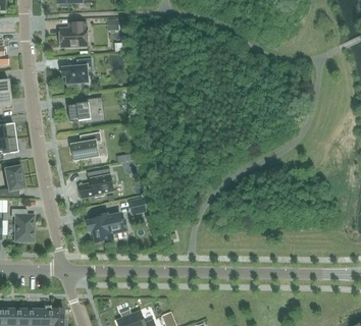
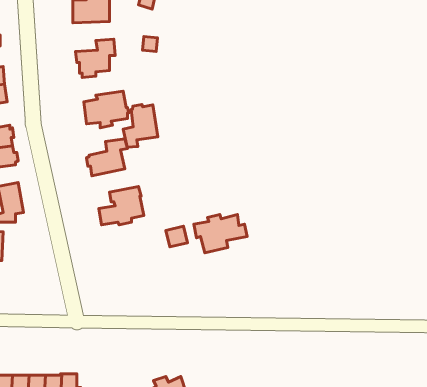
building: none -> [123,104,158,147]
building: [11,208,33,240] -> none
building: [88,213,127,241] -> [194,215,247,253]

